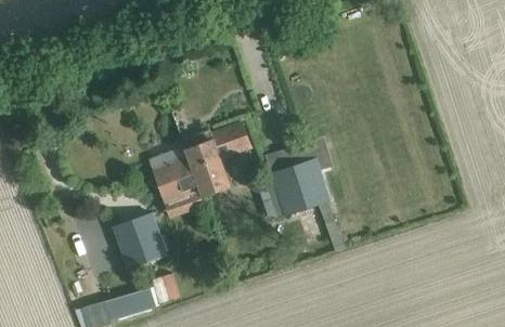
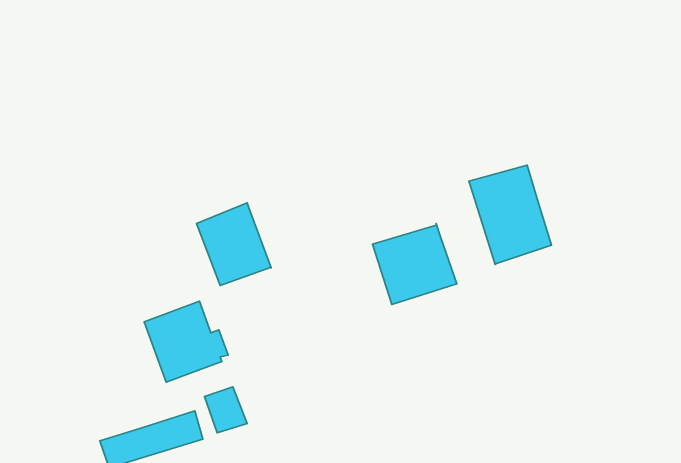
building: none -> [469,165,551,265]
building: [181,122,250,196] -> none

